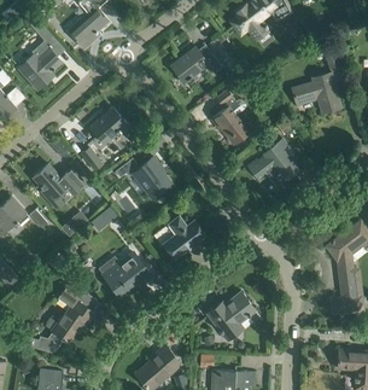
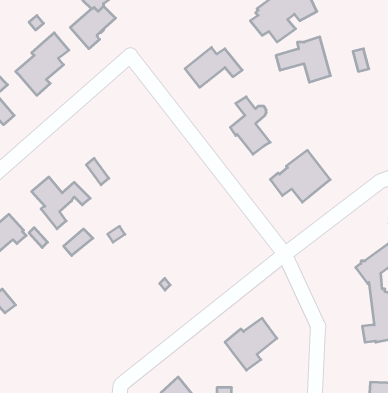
building: [292,72,341,113] -> [276,37,331,82]
building: [89,107,130,144] -> none
building: [116,157,170,198] -> none
building: [163,216,206,260] -> none
building: [99,254,152,296] -> none
building: [24,284,97,354] -> none

